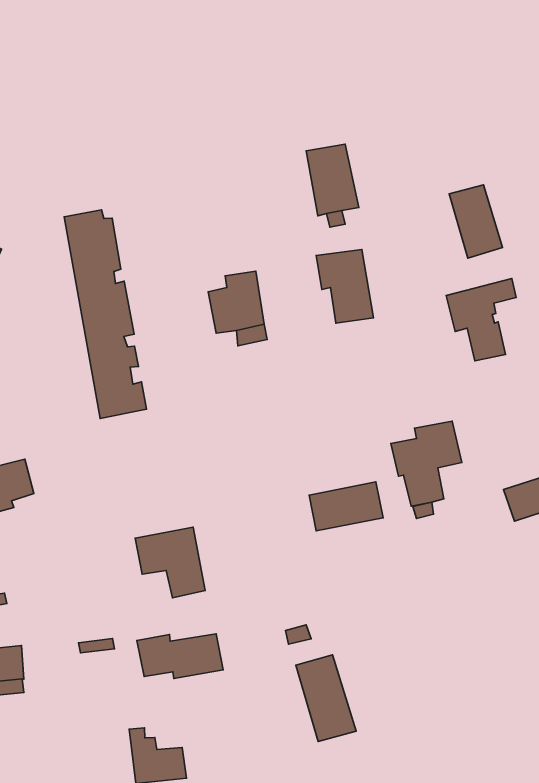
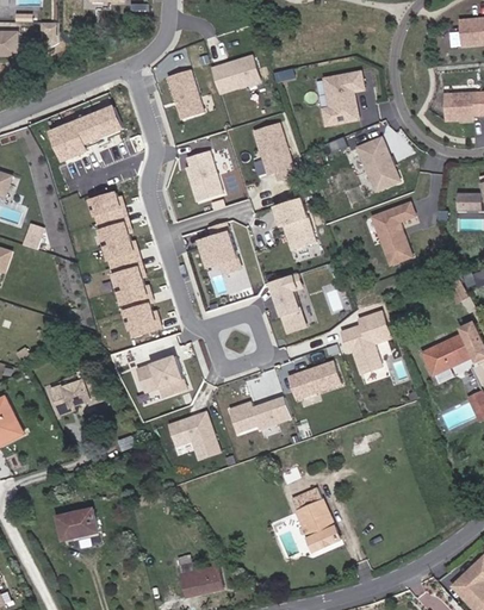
building: none -> [210,52,260,93]
building: none -> [163,67,204,120]
building: none -> [324,71,364,124]
building: none -> [45,105,119,162]
building: none -> [180,149,223,203]
building: none -> [266,272,304,334]
building: none -> [126,349,188,399]
building: [137,634,223,678] -> [227,394,291,431]

